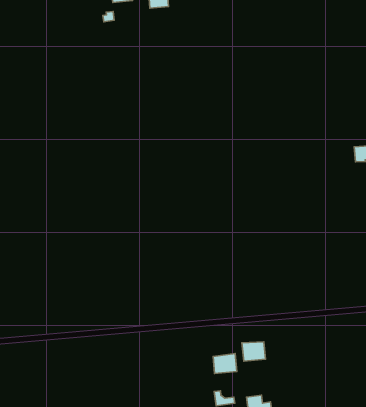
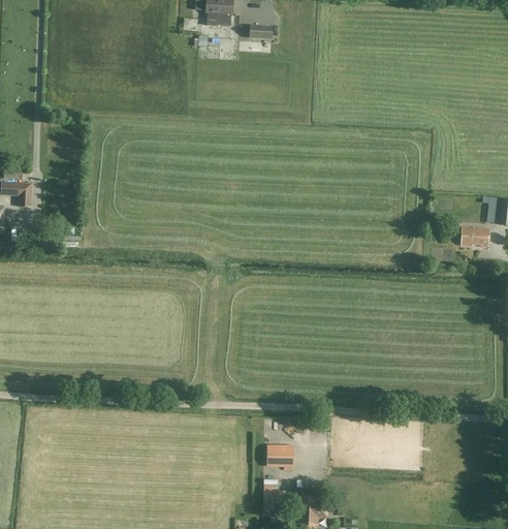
building: [242,342,266,361] -> none

